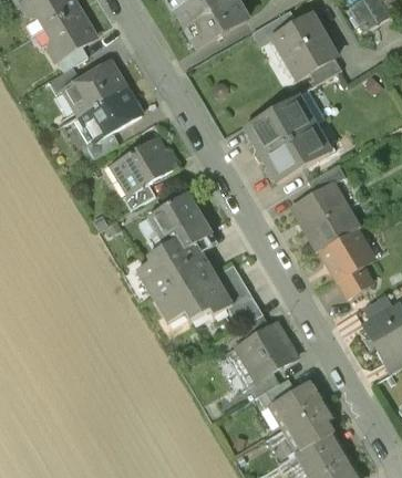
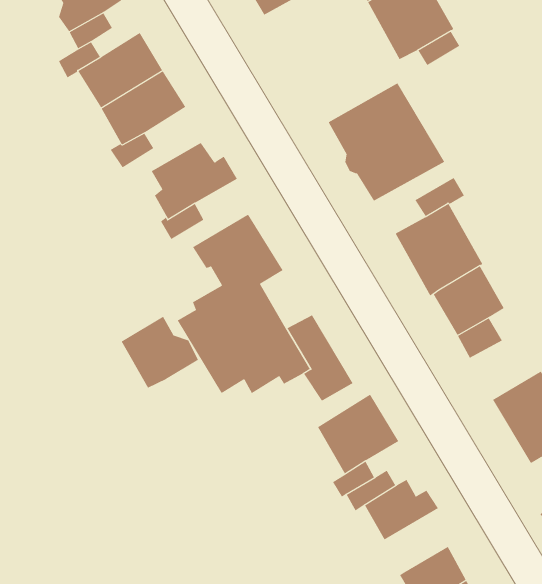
building: none -> [121,316,199,388]
building: [286,404,333,450] -> none

